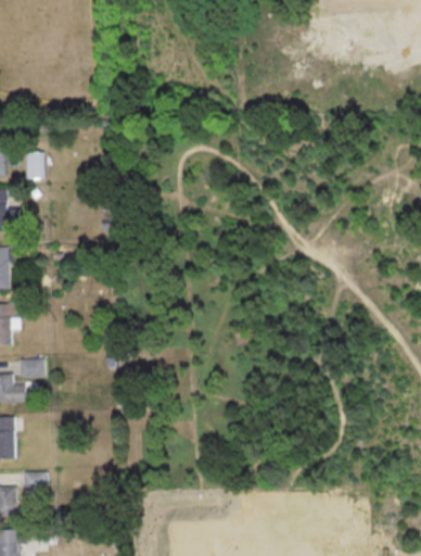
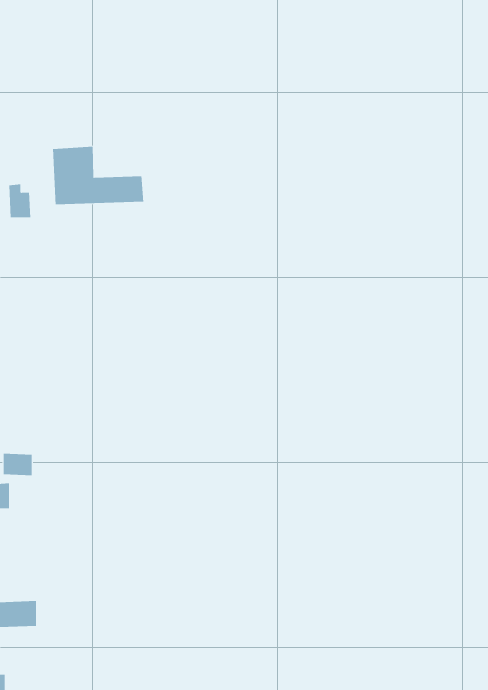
building: none -> [53,146,144,205]

